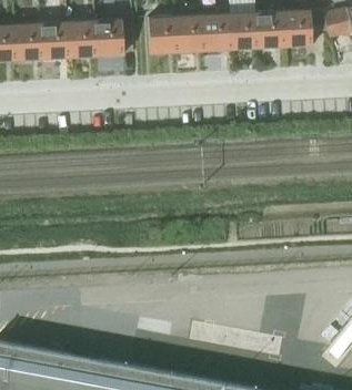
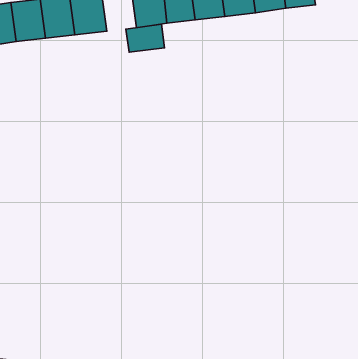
building: none -> [126,24,165,52]

